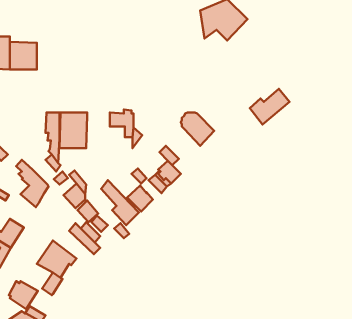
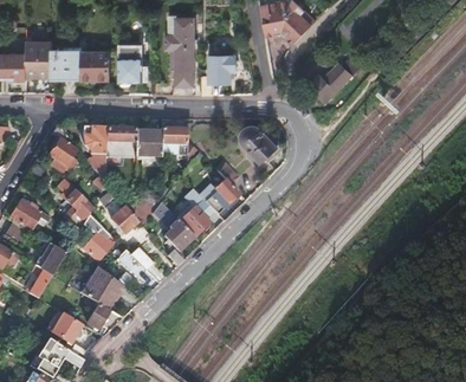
building: none -> [164,15,193,86]
building: none -> [82,41,110,79]
building: none -> [119,48,142,82]
building: none -> [201,56,238,95]
building: [250,89,290,124] -> [310,64,354,103]
building: none -> [48,125,76,173]
building: none -> [137,130,162,157]
building: none -> [84,215,114,260]

